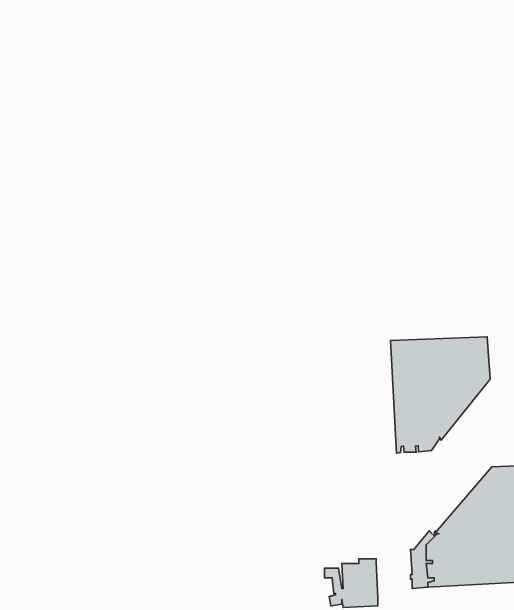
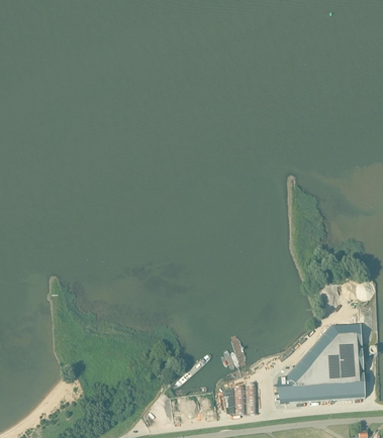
building: [390,337,490,453] -> none

